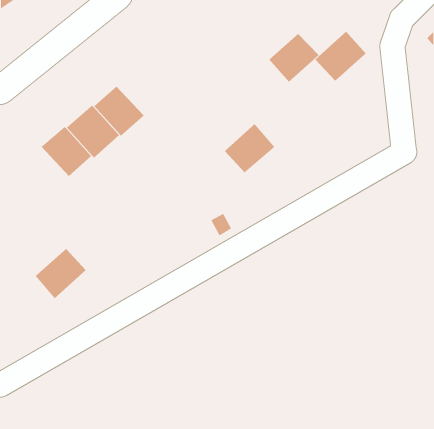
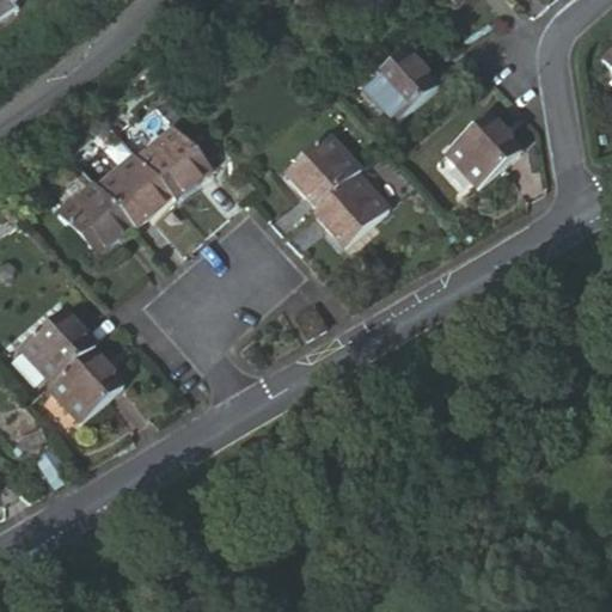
building: [315,31,366,82] -> [446,116,519,188]
building: none -> [290,139,362,209]
building: none -> [22,314,96,386]

